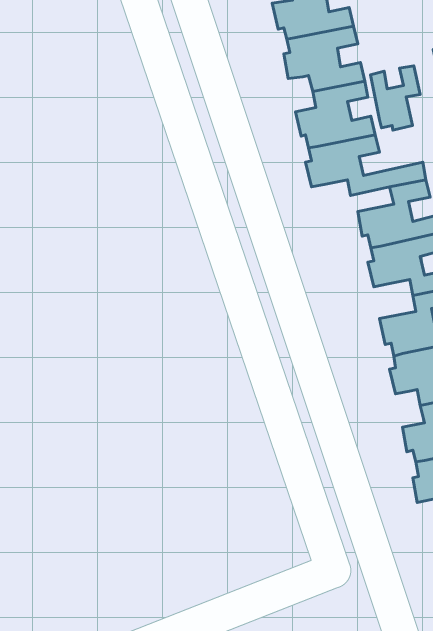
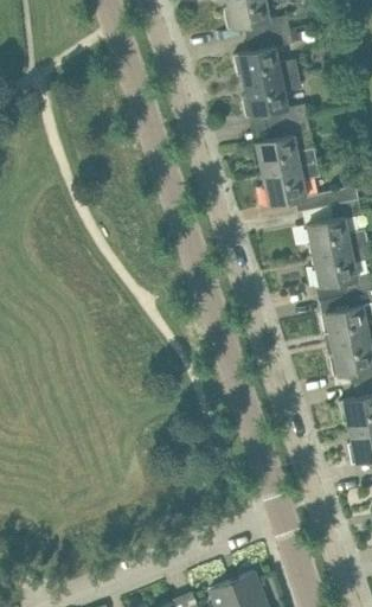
building: [371,66,420,130] -> none

